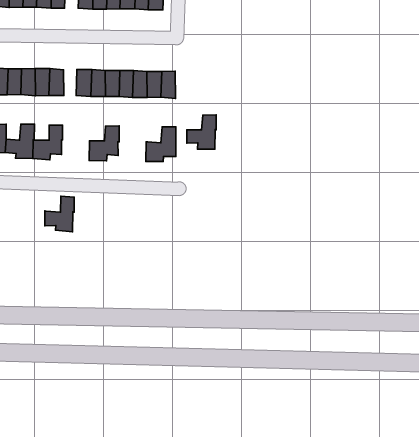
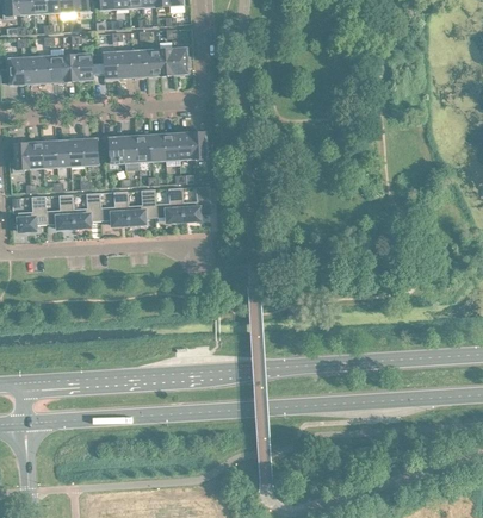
building: [187,115,216,149] -> [154,187,182,221]
building: [45,196,74,232] -> [99,191,128,224]

